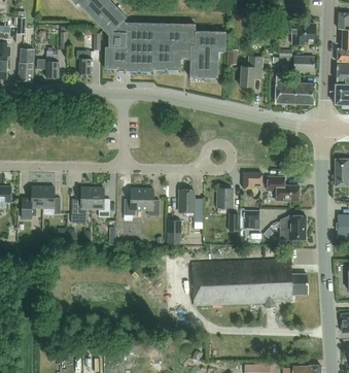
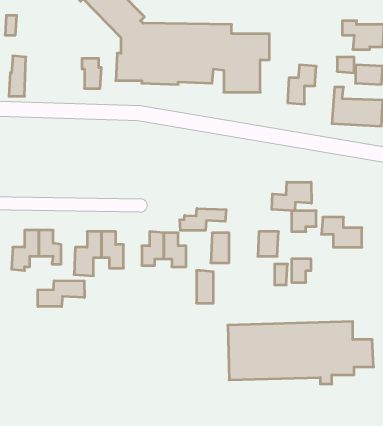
building: [37,49,59,78] -> none
building: none -> [272,182,311,211]
building: none -> [180,208,226,230]
building: [280,214,306,239] -> none
building: none -> [38,281,84,307]

